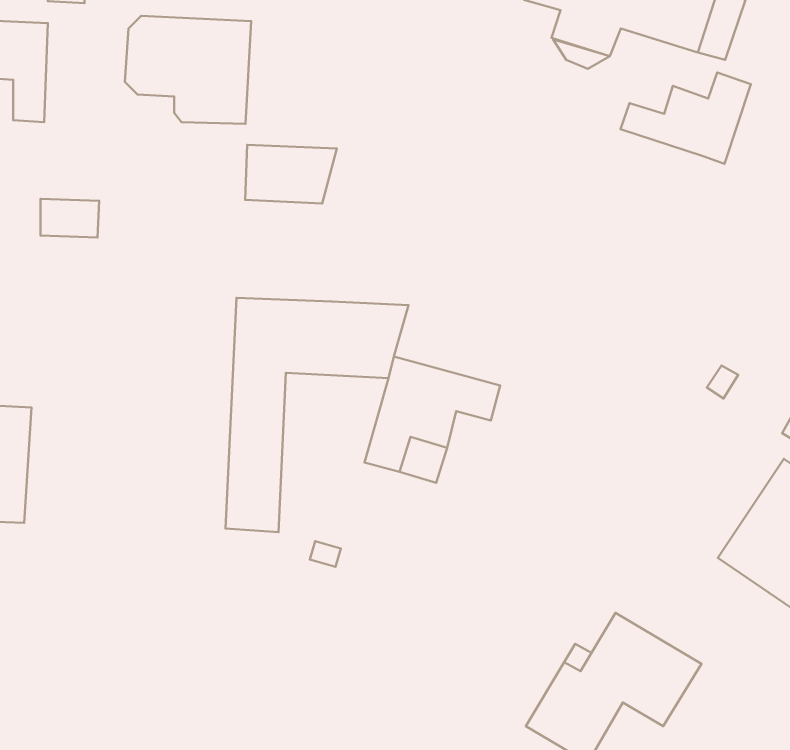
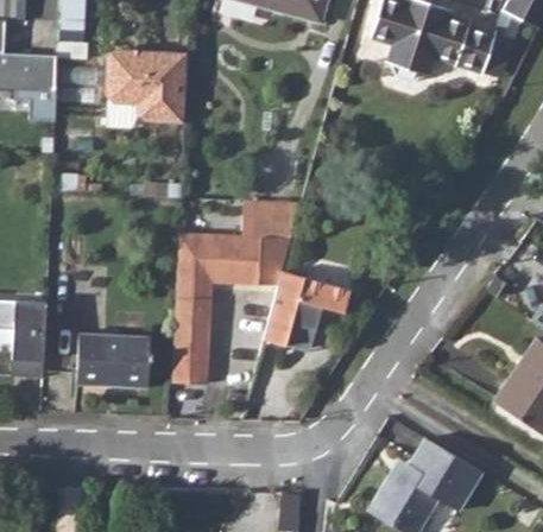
building: [620,73,751,164] -> none
building: [245,145,337,203] -> [241,200,301,238]
building: none -> [75,334,151,388]

